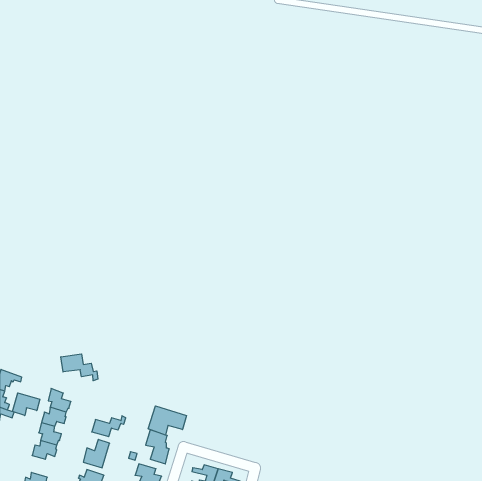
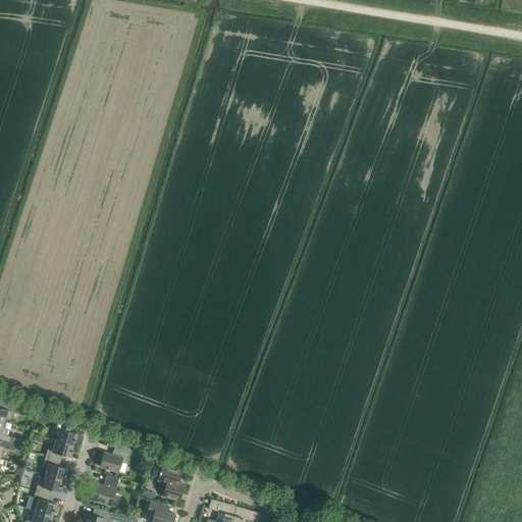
building: [61,354,98,381] -> none
building: [12,393,40,416] -> none
building: [148,406,186,435] -> none
building: none -> [25,493,56,517]

